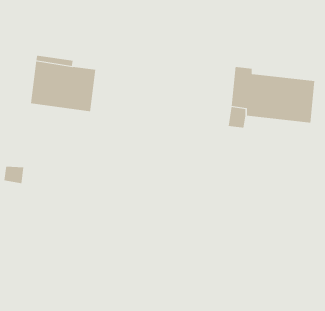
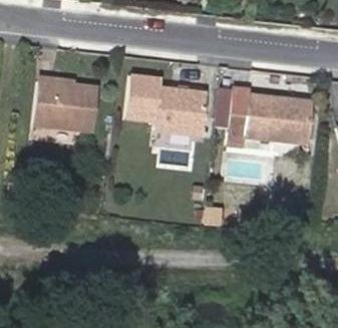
building: none -> [125,76,206,134]

